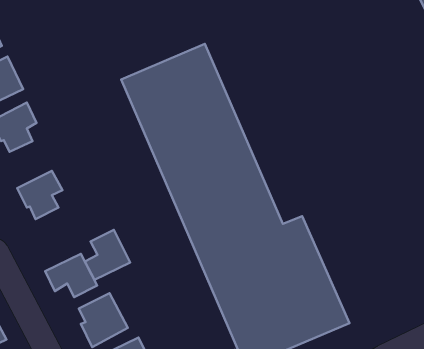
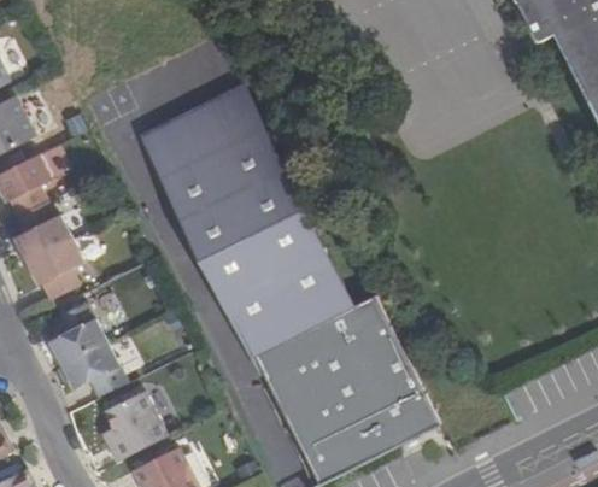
building: none -> [13,201,69,260]
building: [85,230,130,280] -> [48,301,105,364]

